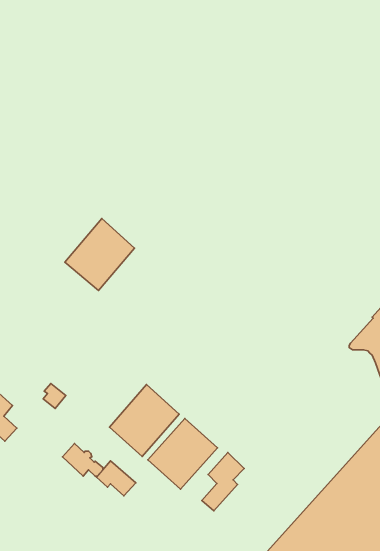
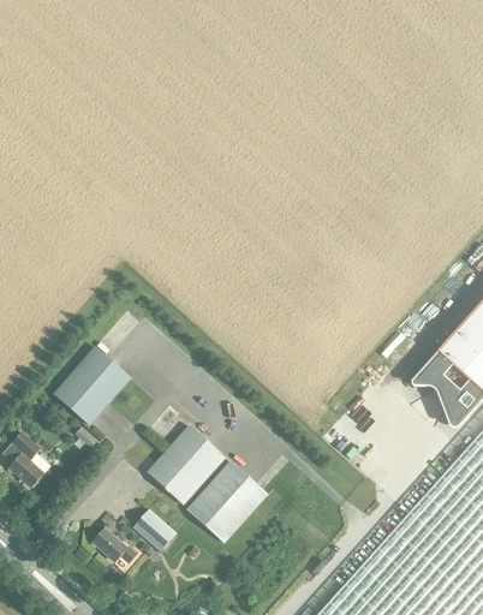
building: [65,219,135,291] -> [54,347,131,426]
building: [62,444,103,476] -> [93,527,137,563]
building: [202,452,244,511] -> none

